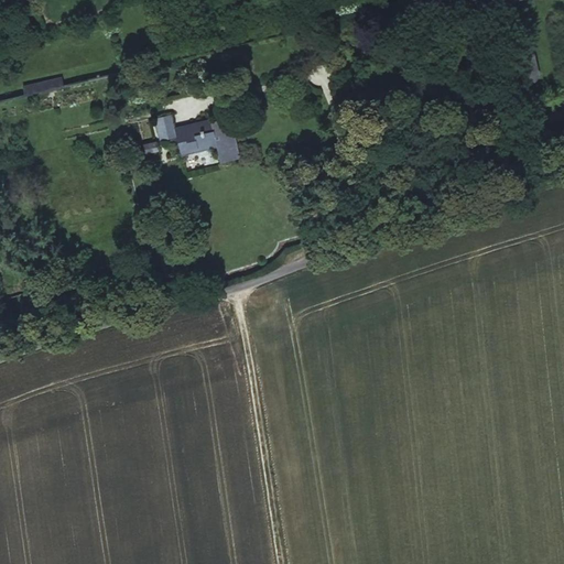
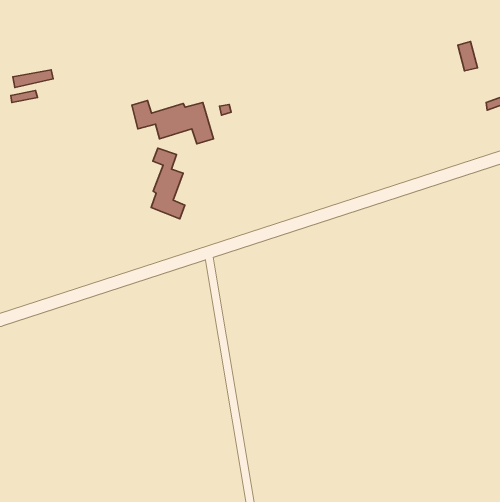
building: none -> [151,148,185,219]

